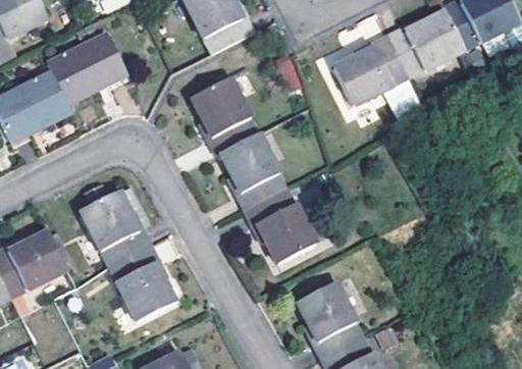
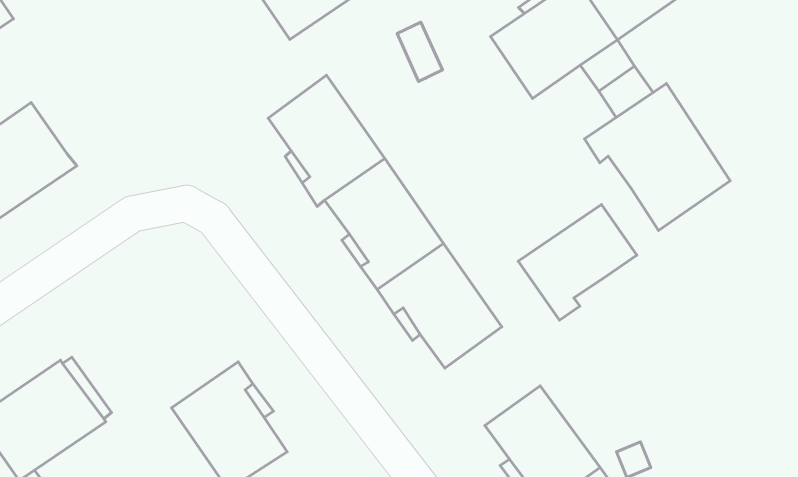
building: [45,34,126,104] -> none
building: none -> [585,84,730,230]
building: none -> [518,205,637,320]
building: [82,184,153,266] -> none

